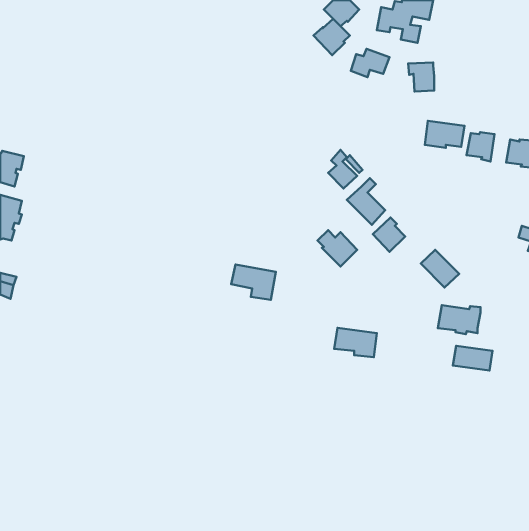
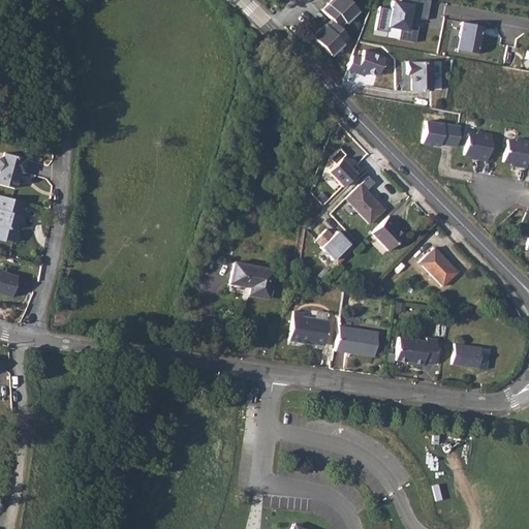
building: none -> [459,23,486,55]
building: [438,305,481,334] -> [396,337,438,366]
building: none -> [288,312,326,344]

